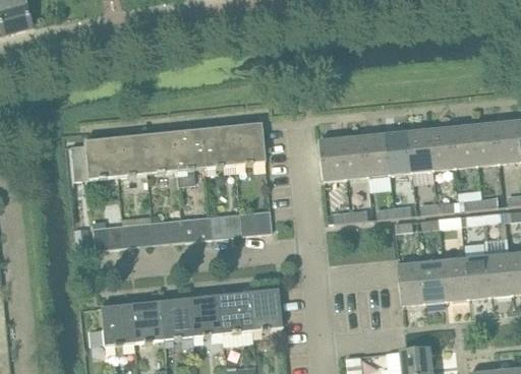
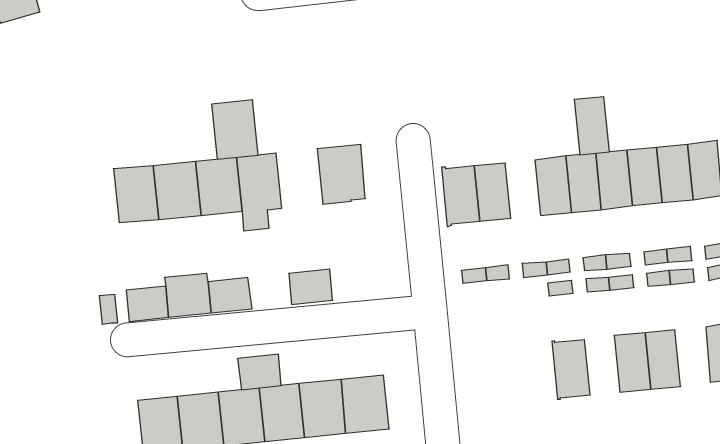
building: [199,126,233,169] -> [212,100,258,159]
building: [364,134,390,176] -> [574,97,609,155]
building: [238,209,271,235] -> none
building: [179,215,211,241] -> [237,354,281,390]
building: [486,254,512,297] -> none
building: [421,260,447,303] -> none

